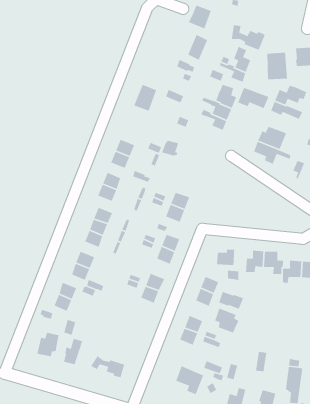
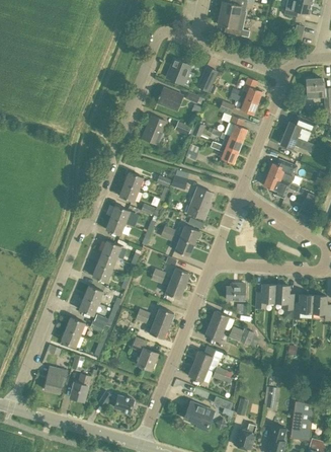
building: [188,5,212,30] -> [166,59,190,84]
building: [231,24,266,51] -> none
building: [266,52,288,80] -> none
building: none -> [156,87,183,110]
building: [237,87,269,109] -> none
building: none -> [187,186,213,219]
building: none -> [131,335,158,369]
building: [214,307,239,334] -> none

